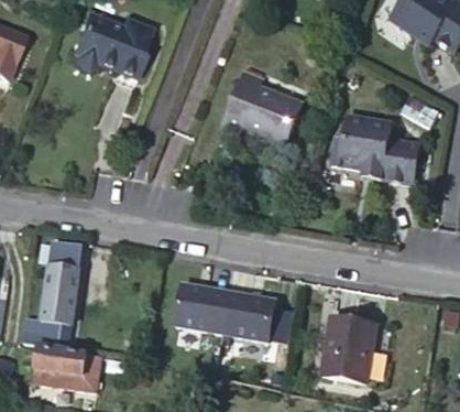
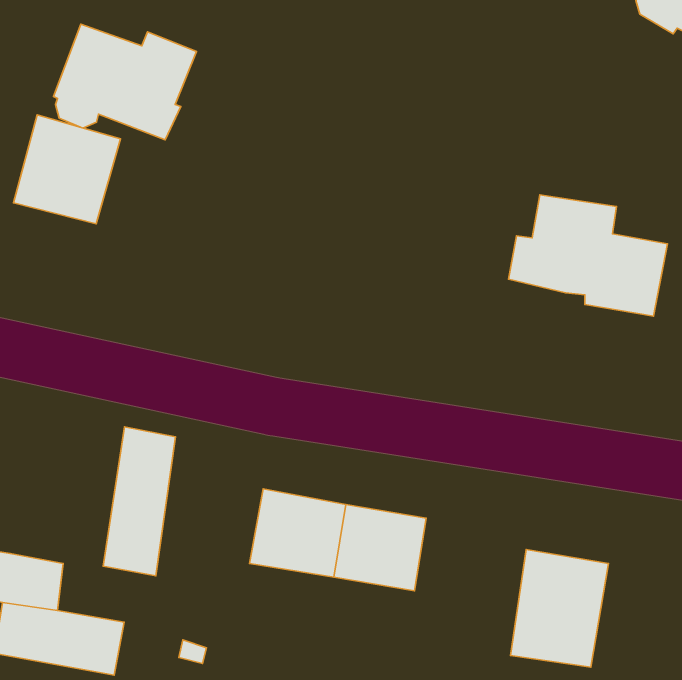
building: [222,71,297,139] -> none
building: none -> [14,115,121,224]
building: [43,240,84,324] -> [103,427,176,576]

